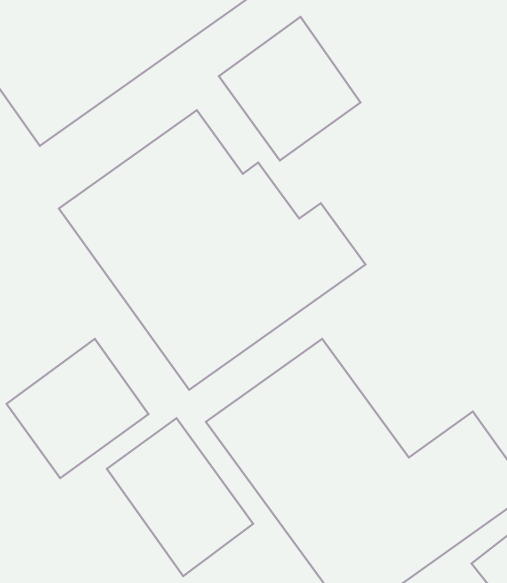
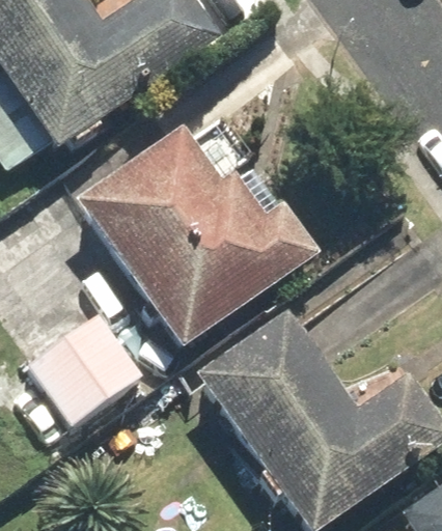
building: [219,17,361,161] -> none
building: [107,418,253,576] -> none

